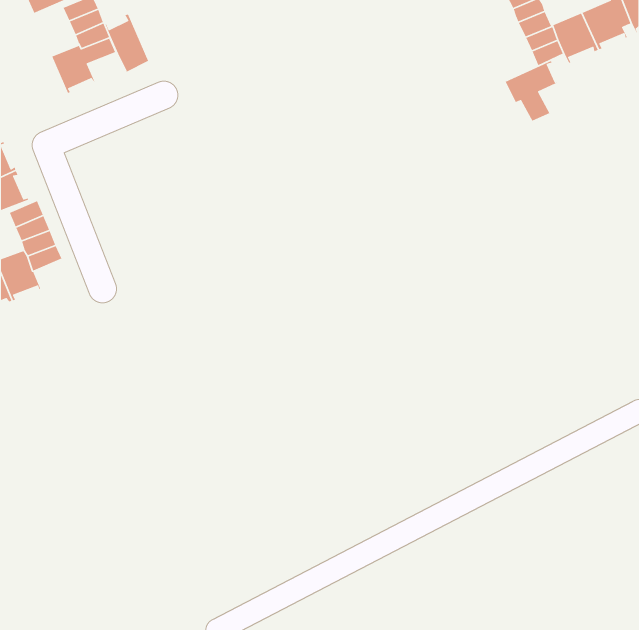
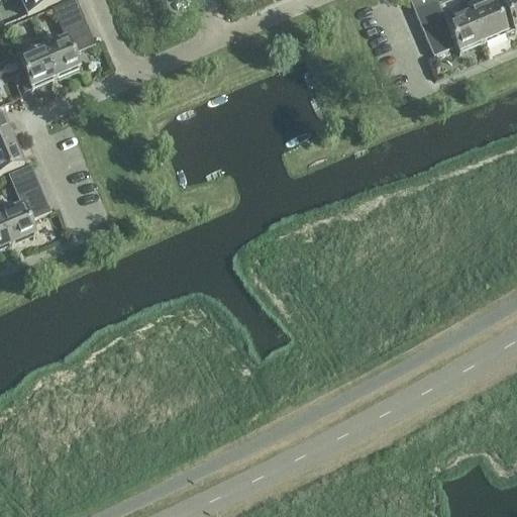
building: [104,13,149,73] -> none
building: none -> [18,45,55,86]
building: [504,60,561,122] -> none

